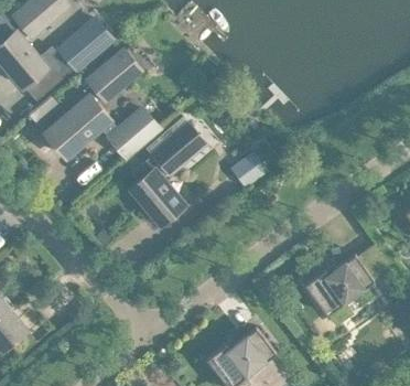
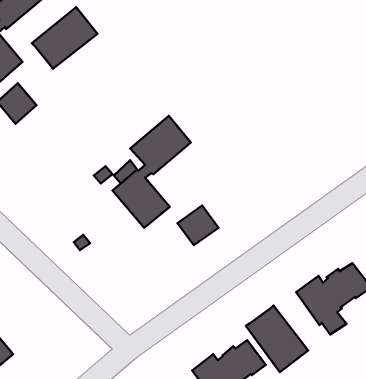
building: [45,52,158,157] -> none
building: [229,151,268,189] -> [177,206,218,245]
building: none -> [246,305,308,372]

